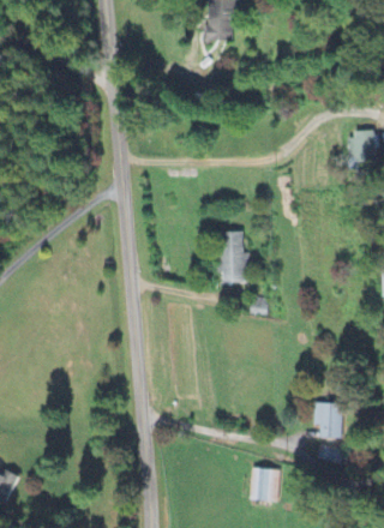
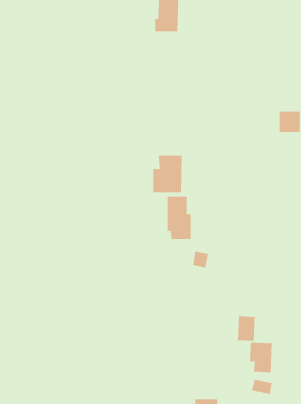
building: none -> [153,155,182,193]
building: none -> [237,316,255,342]

